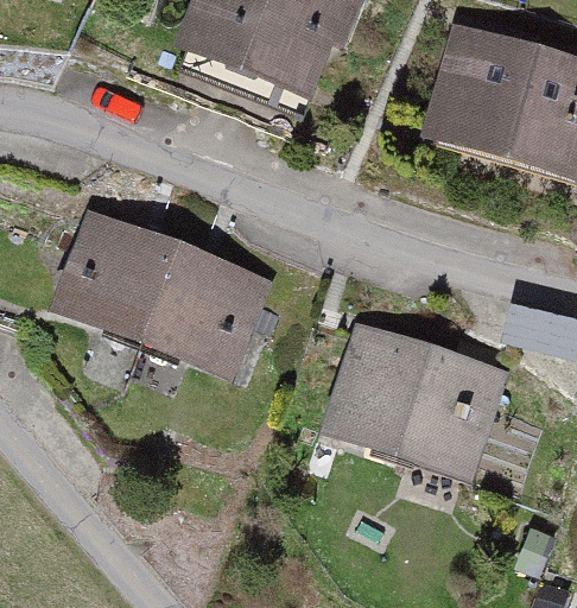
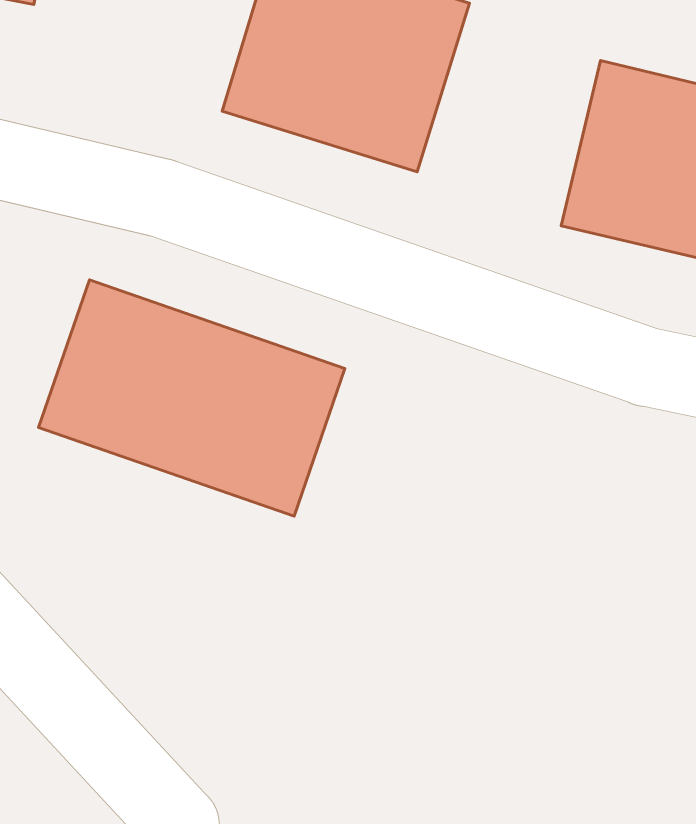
building: [317,316,508,477] -> none

